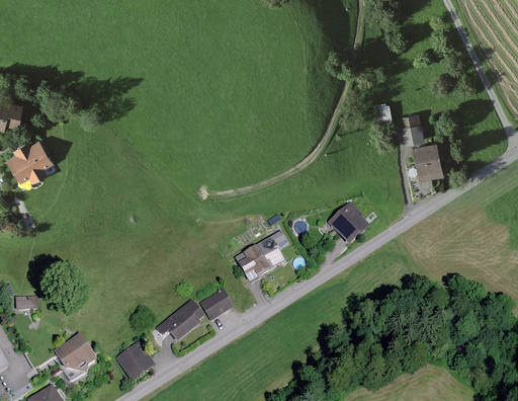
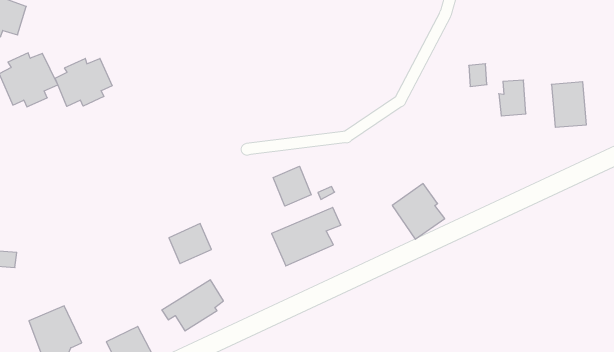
building: none -> [55,58,112,106]
building: [412,140,443,178] -> [551,82,586,127]
building: none -> [273,166,311,206]
building: [199,289,234,322] -> [169,224,211,264]

